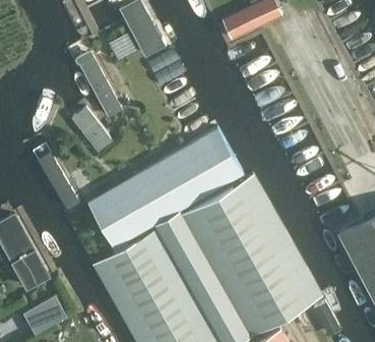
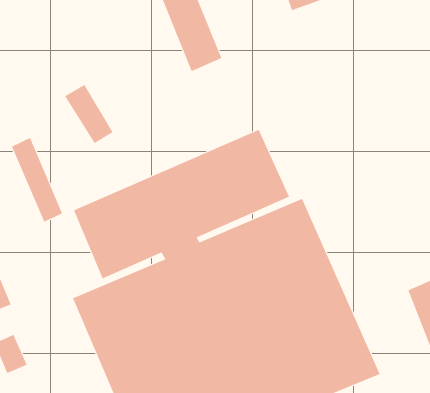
building: [77,57,121,118] -> none

